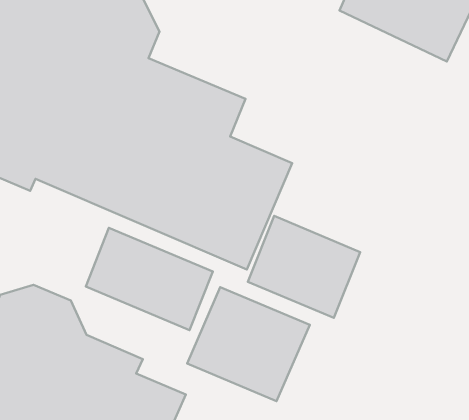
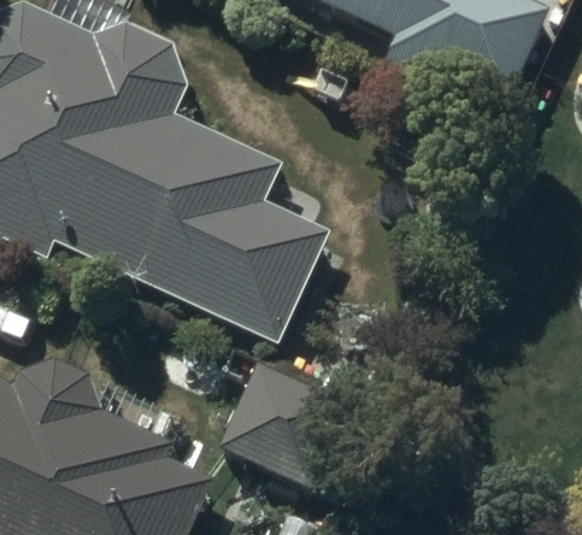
building: [248,216,360,318] -> none
building: [86,228,213,330] -> none

